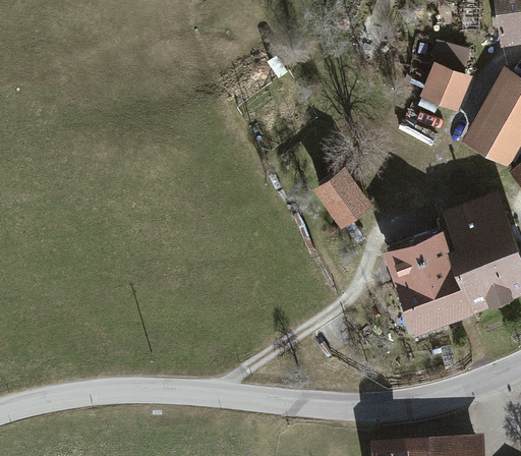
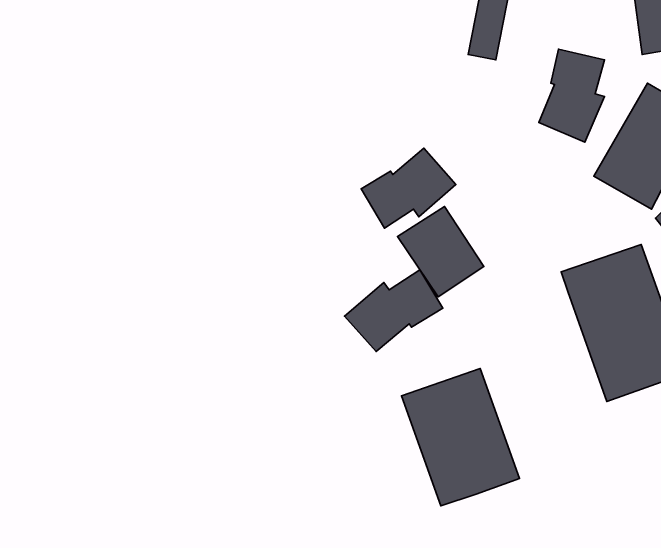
building: none -> [361,148,456,228]
building: none -> [344,270,443,351]
building: [383,229,474,336] -> [402,368,519,506]

